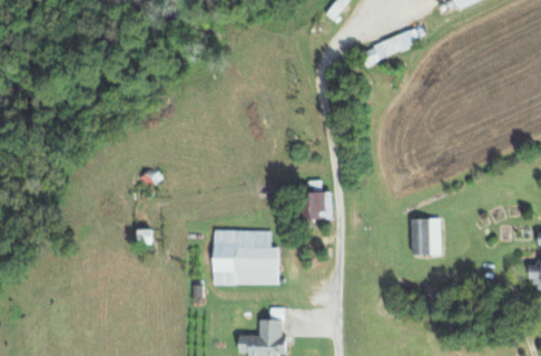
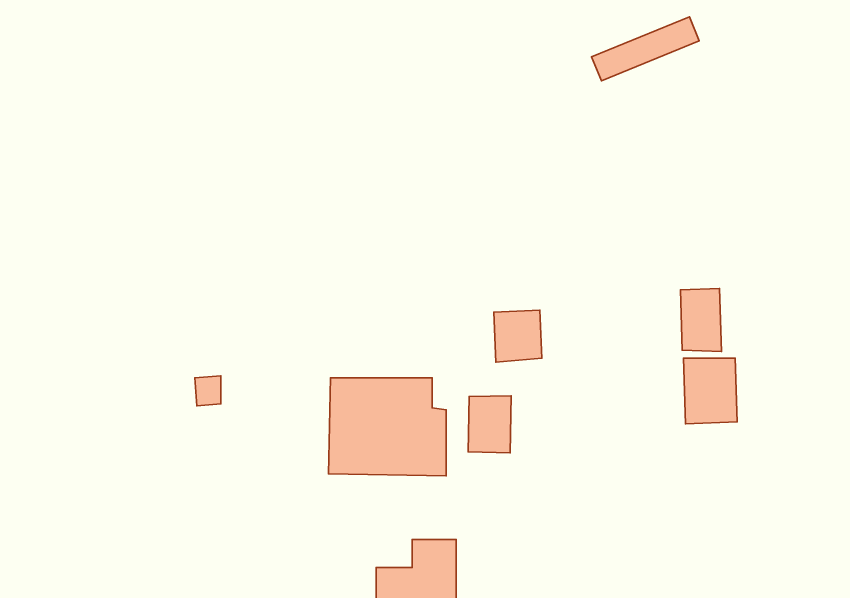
building: none -> [680,289,721,352]
building: none -> [468,396,511,453]

